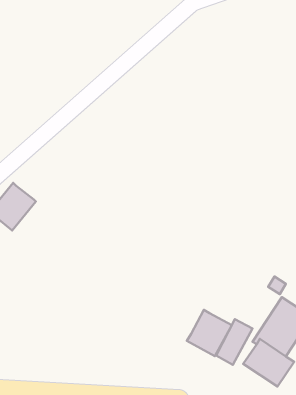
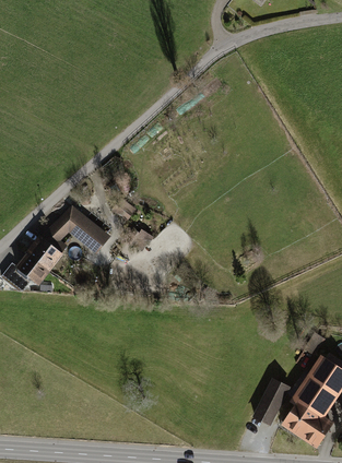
building: none -> [42,203,110,256]
building: [187,310,232,356] -> none

